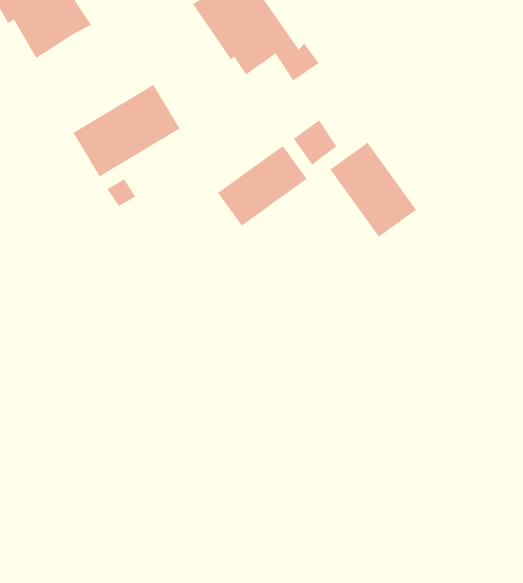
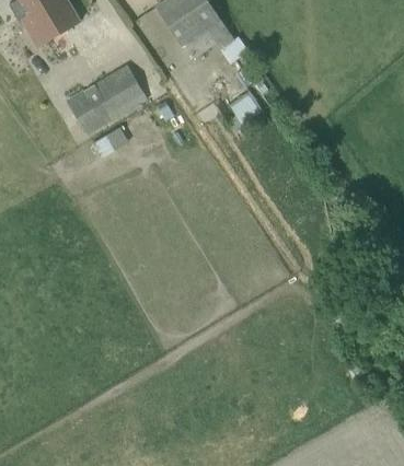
building: [329,142,417,238] -> none
building: [217,145,308,227] -> none

